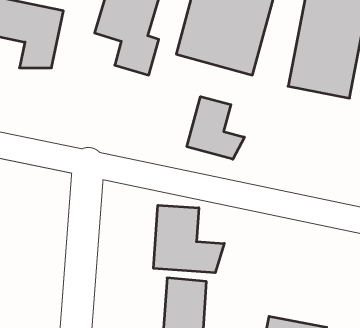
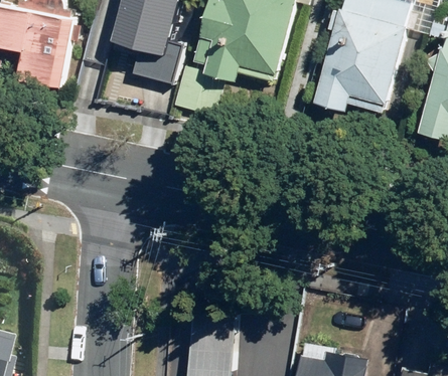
building: [187,97,244,159] -> none
building: [154,205,224,273] -> none

